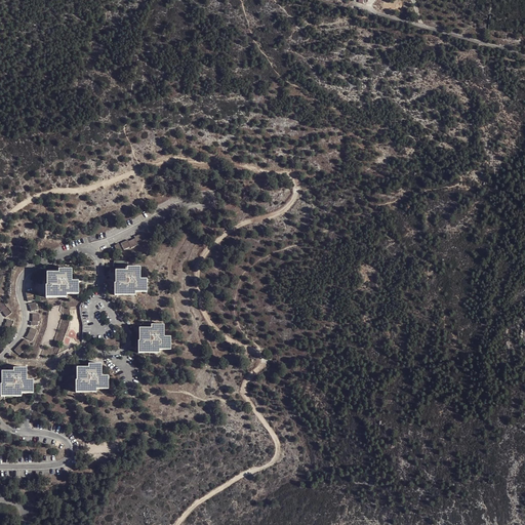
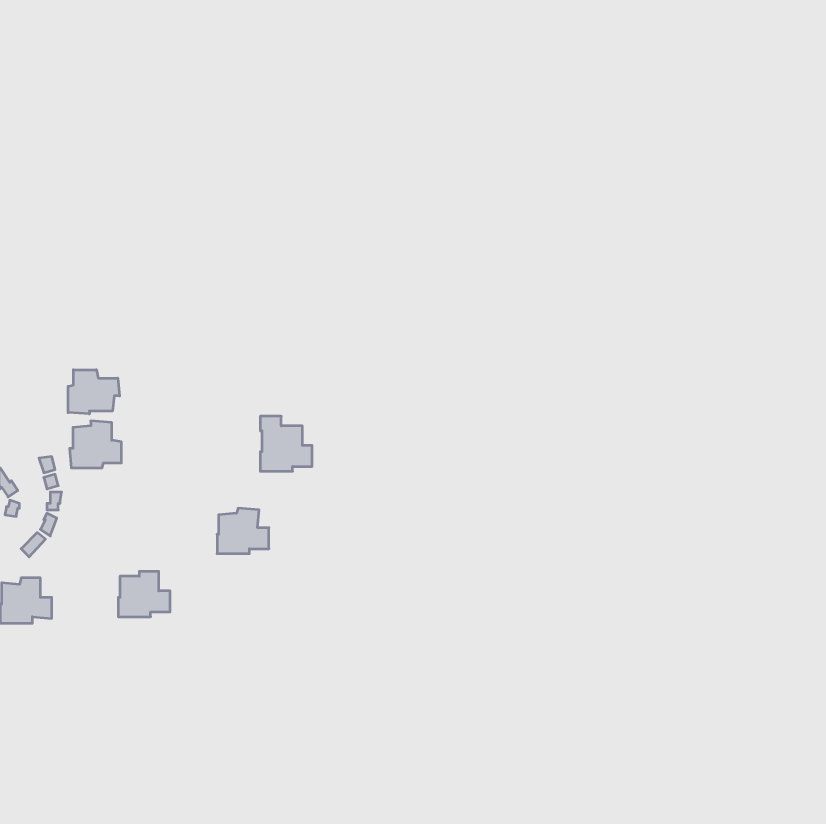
building: none -> [68,370,120,414]
building: [113,258,146,293] -> [260,416,312,471]

